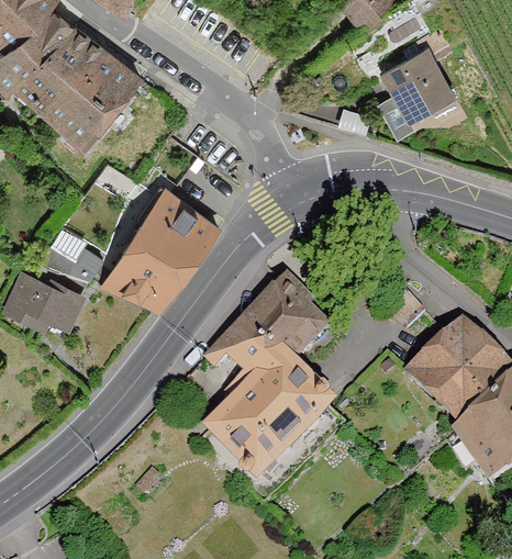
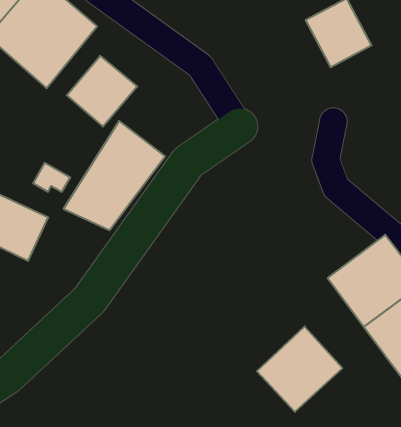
building: none -> [67,56,137,127]
building: [196,276,334,485] -> none
building: none -> [257,326,342,412]

